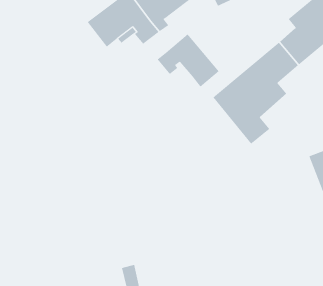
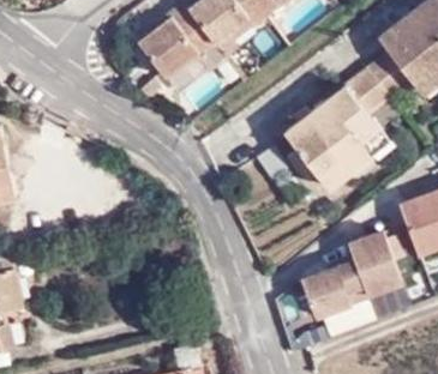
building: [157,33,220,88] -> none
building: none -> [300,231,400,337]

